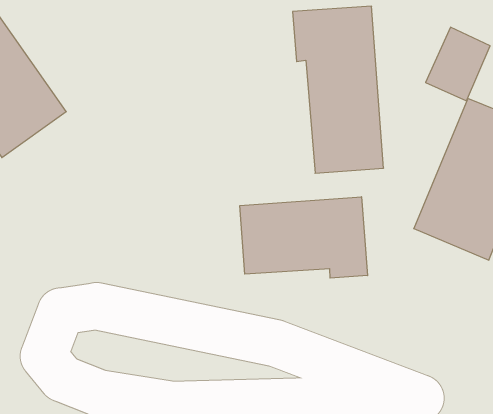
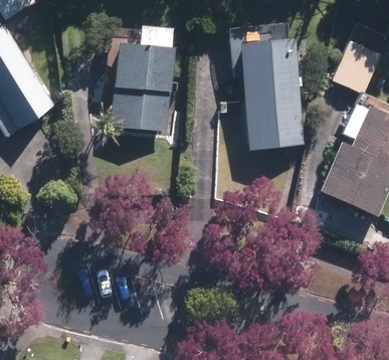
building: none -> [107,26,172,132]
building: [240,197,368,278] -> none

